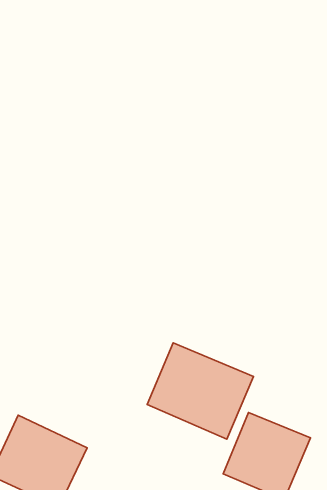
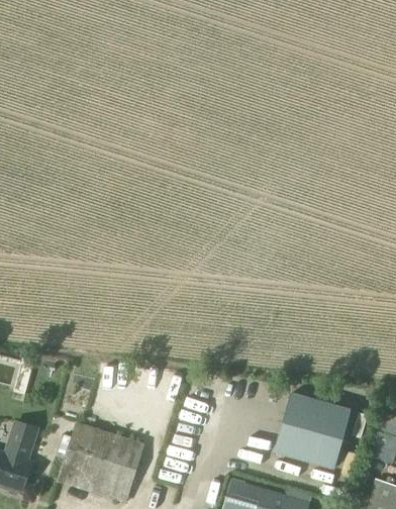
building: [147,343,253,439] -> none

